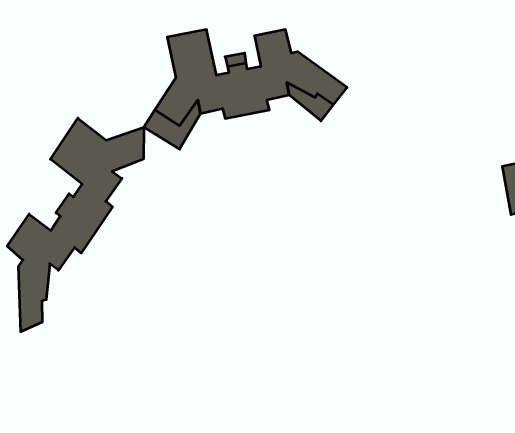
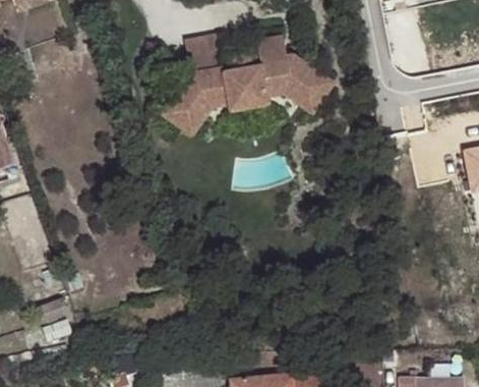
building: [7,118,144,332] -> none

